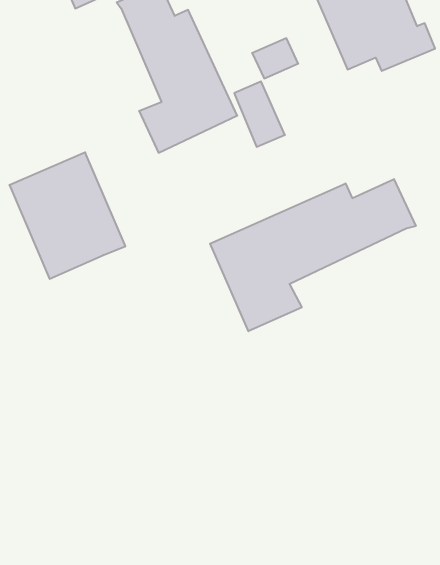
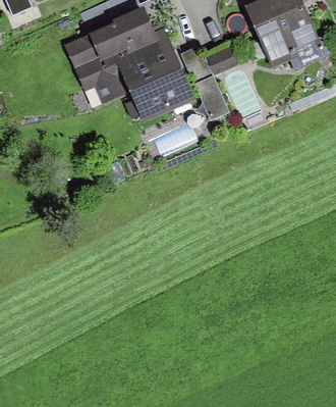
building: [9,152,125,279] -> [65,23,145,110]
building: [210,179,416,331] -> none

